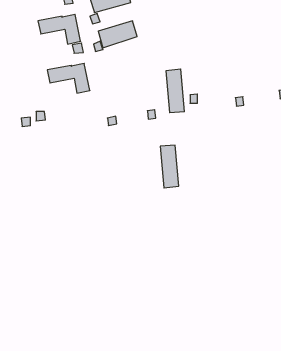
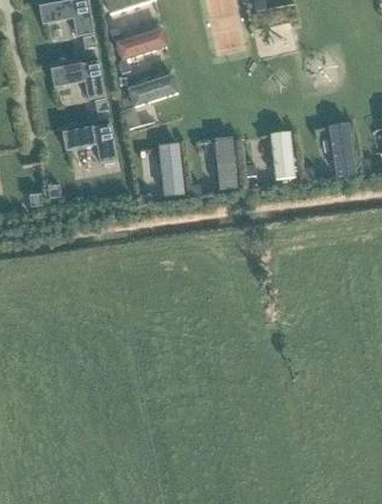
building: none -> [326,120,355,174]
building: none -> [268,127,293,179]
building: [160,145,179,188] -> [159,139,183,194]

